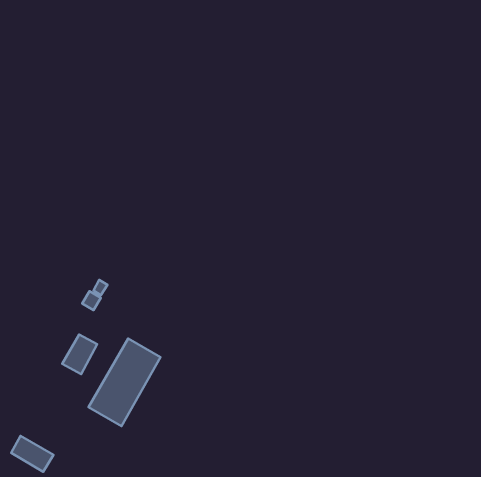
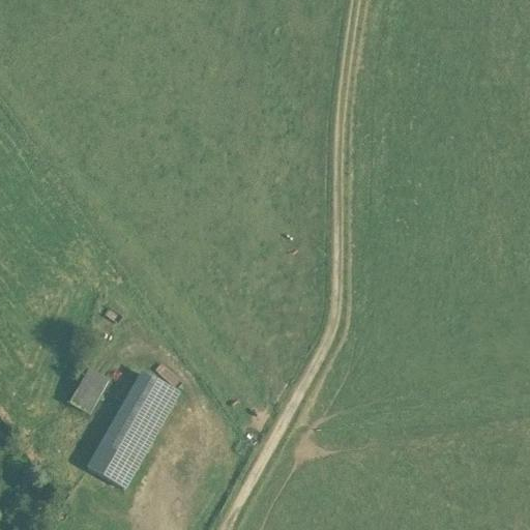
building: [11,436,54,472] -> [88,447,135,487]

